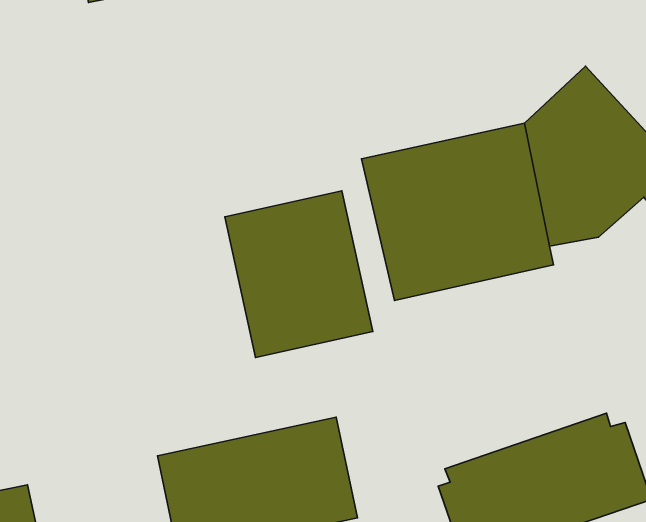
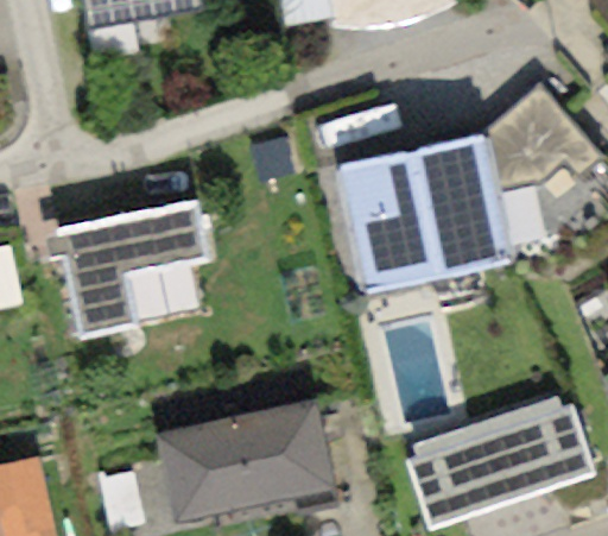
building: [225,191,373,357] -> none
building: none -> [46,201,208,336]

